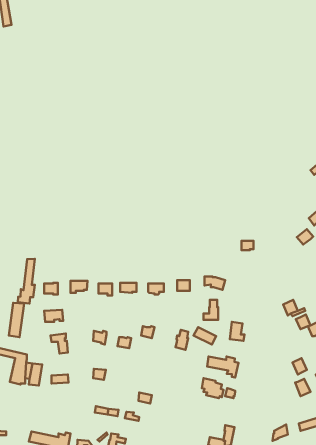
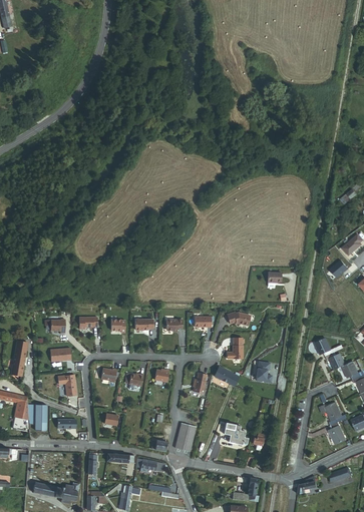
building: [18,259,35,303] -> none
building: [207,356,238,378] -> none
building: none -> [173,423,196,452]

